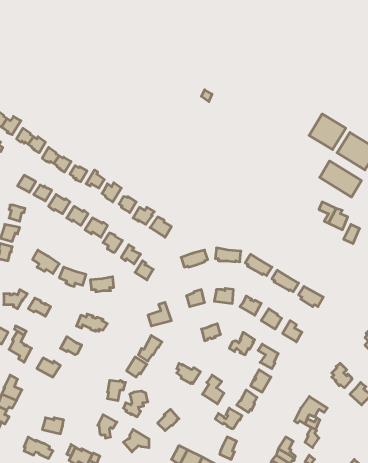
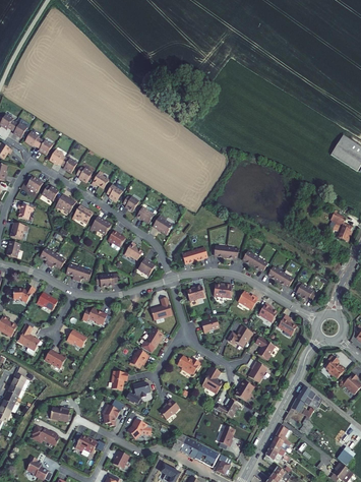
building: [309,114,346,150] -> none
building: [320,161,361,197] -> none

